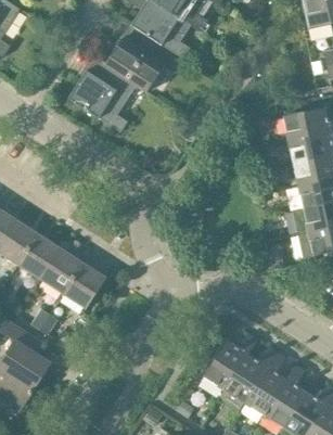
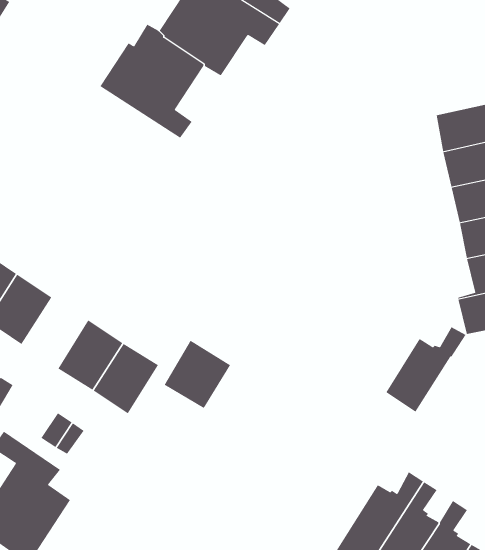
building: [17,233,60,279] -> none
building: none -> [164,340,231,409]
building: [204,333,256,388] -> [385,326,467,413]

